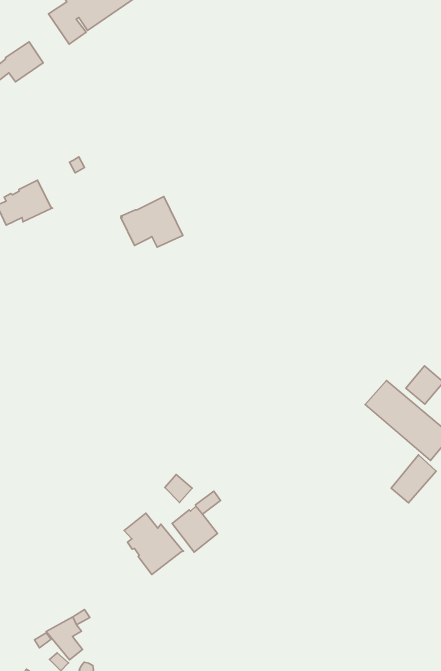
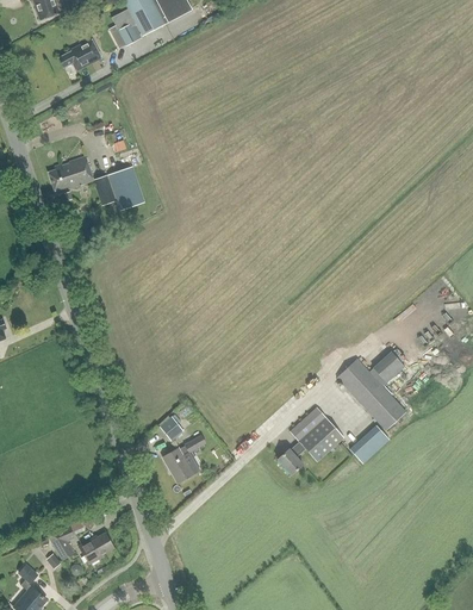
building: [121,197,183,247] -> [93,167,143,208]
building: none -> [276,406,344,474]
building: [124,513,184,575] -> none
building: none -> [81,531,113,564]

